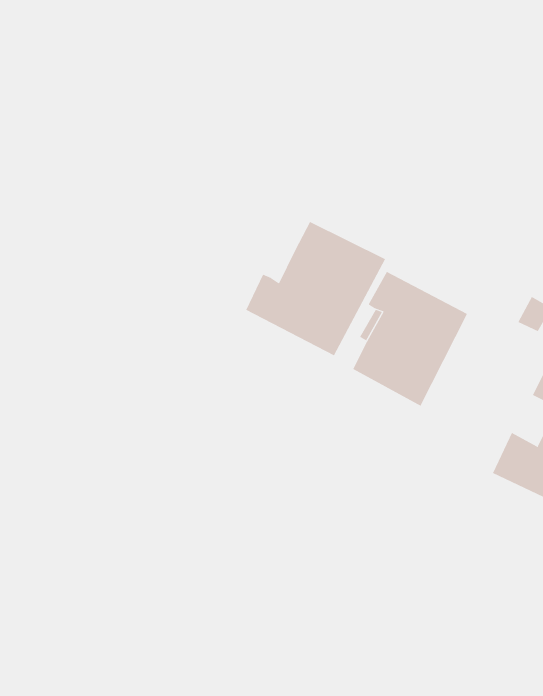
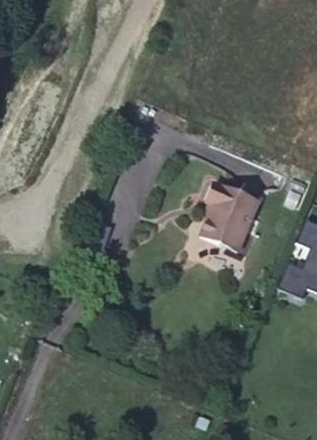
building: [245,221,386,356] -> none

